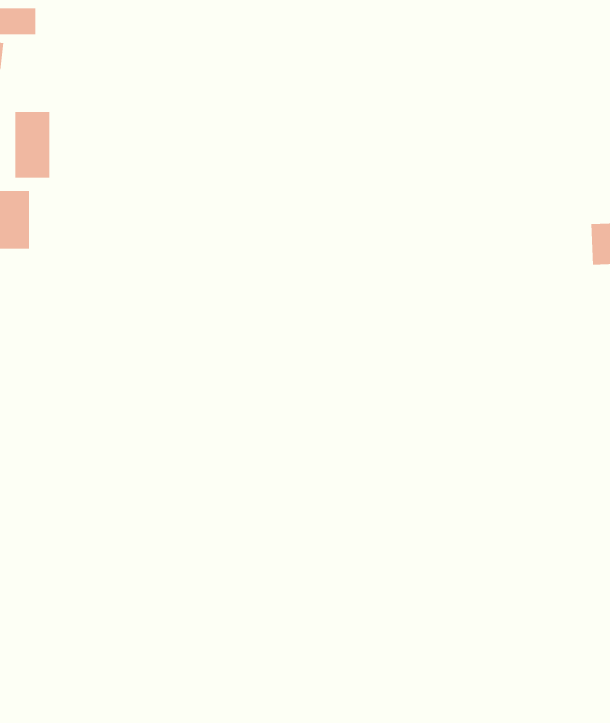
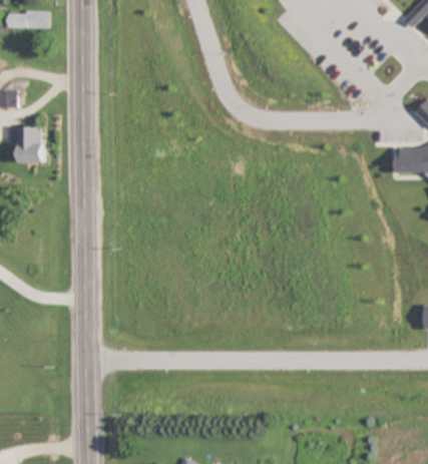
building: [15,111,50,178] -> none

